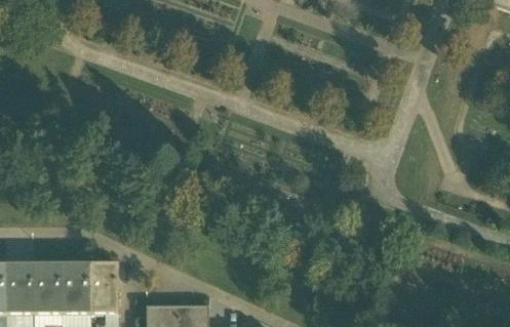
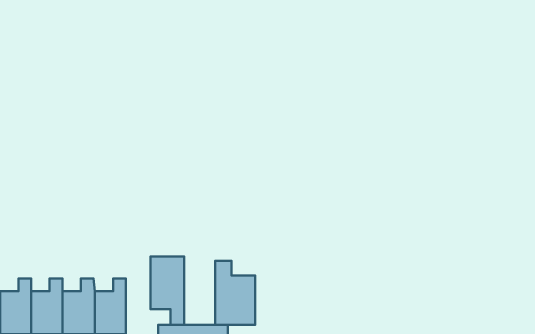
building: none -> [151,256,184,325]
building: none -> [215,261,255,325]

